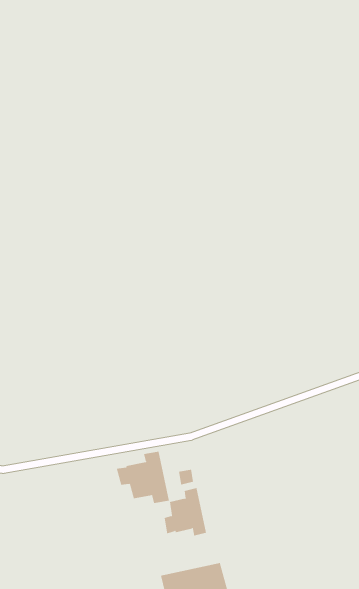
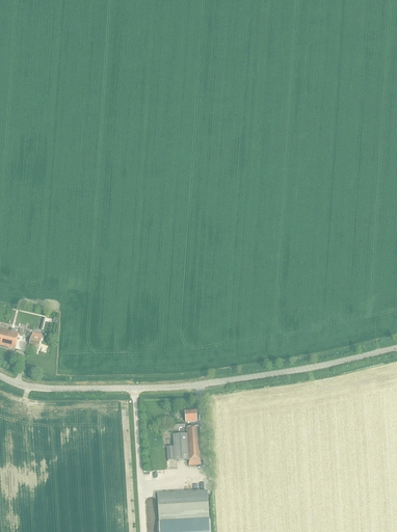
building: [116,451,170,504] -> none

